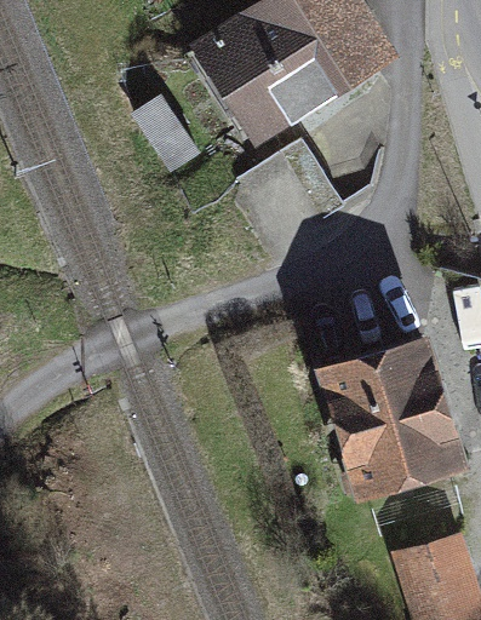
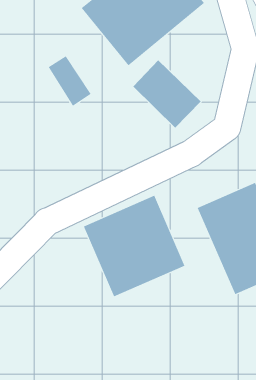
building: none -> [83,195,185,297]

